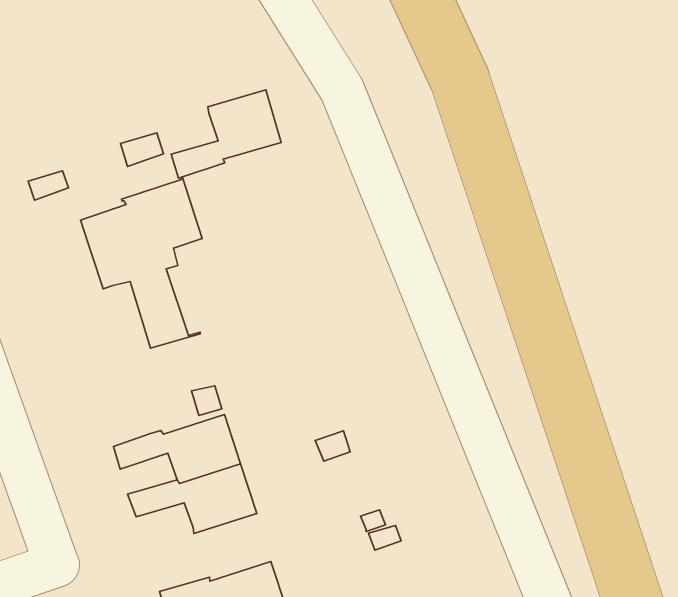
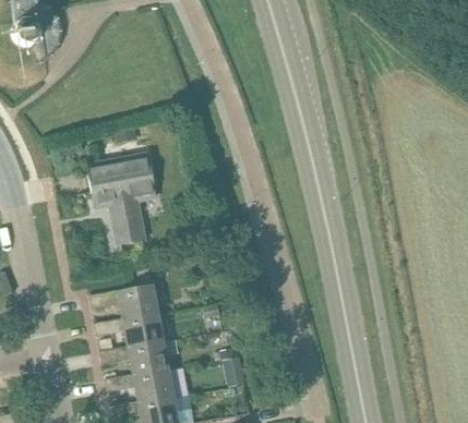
building: [171,90,281,178] -> none
building: none -> [99,341,168,375]

